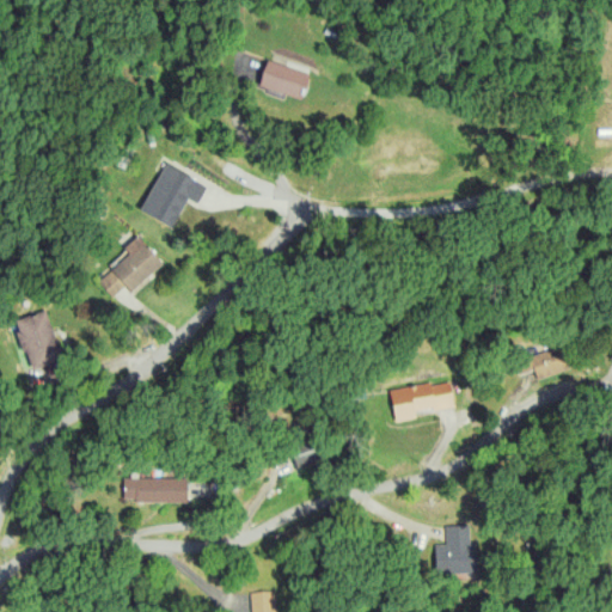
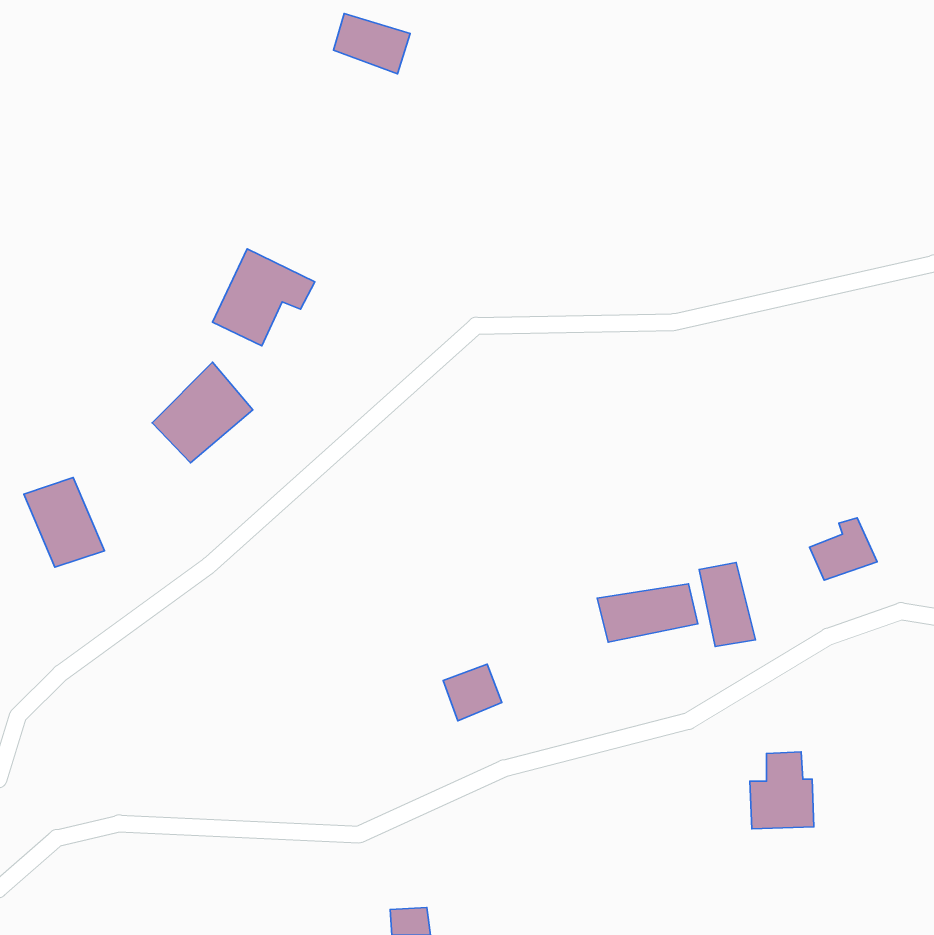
building: [261,61,311,100] -> [333,13,410,74]
building: none -> [699,563,756,646]
building: [111,478,189,504] -> none
building: [433,524,475,574] -> [750,752,814,829]

